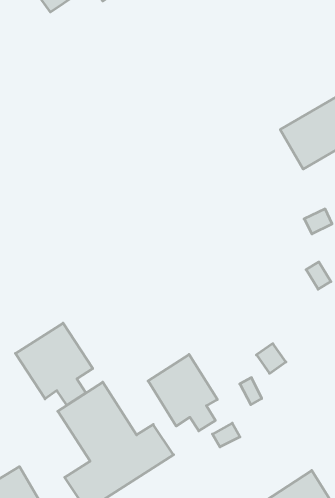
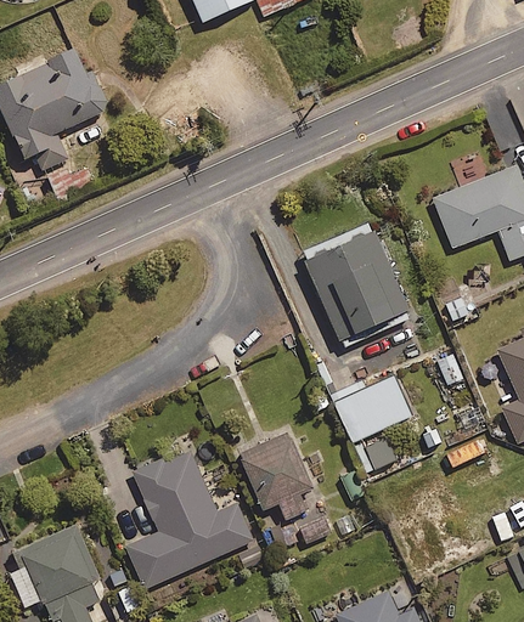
building: none -> [305,231,407,340]
building: none -> [334,369,413,442]
building: [15,323,93,405] -> none

